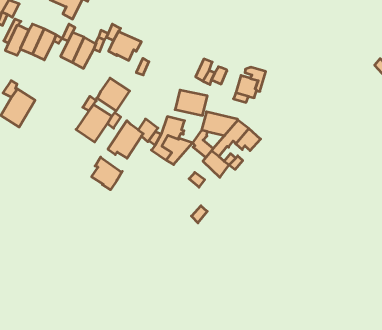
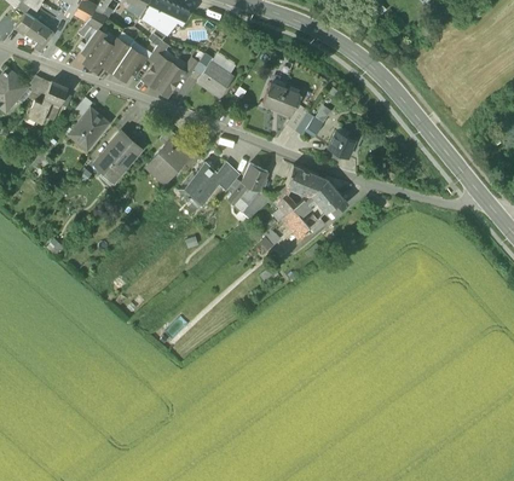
building: [97,78,130,111] -> none
building: [175,90,207,115] -> [262,83,300,115]
building: none -> [96,132,140,179]
building: [92,157,122,190] -> none

